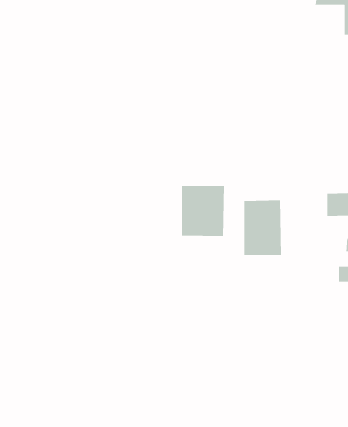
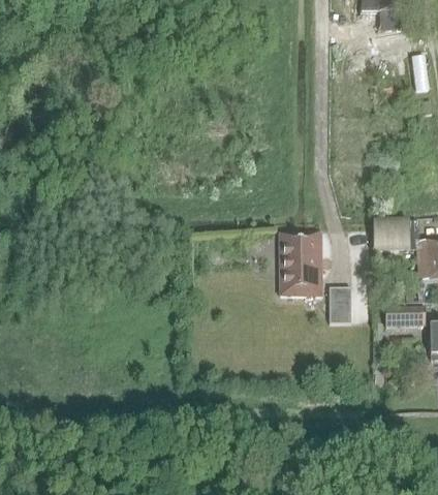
building: [181,185,225,237] -> none
building: none -> [330,286,351,322]

